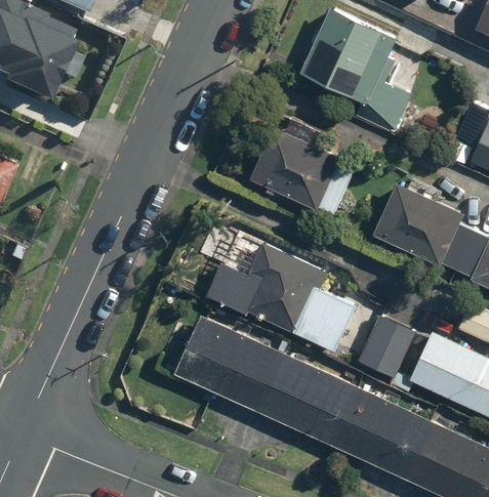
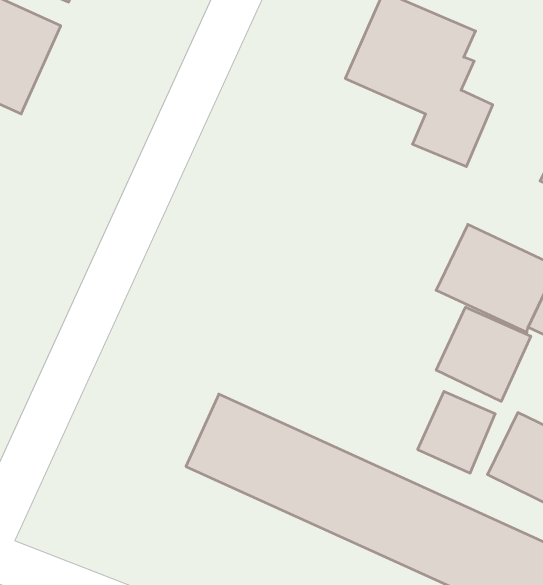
building: [250,125,347,217] -> none
building: [206,231,358,351] -> none
building: none -> [436,307,531,401]

